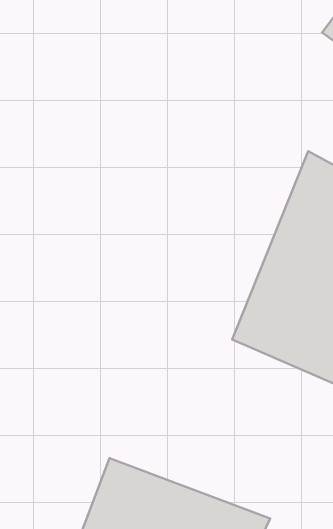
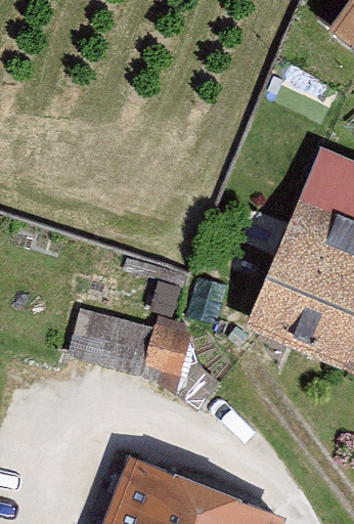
building: none -> [73,300,196,380]

